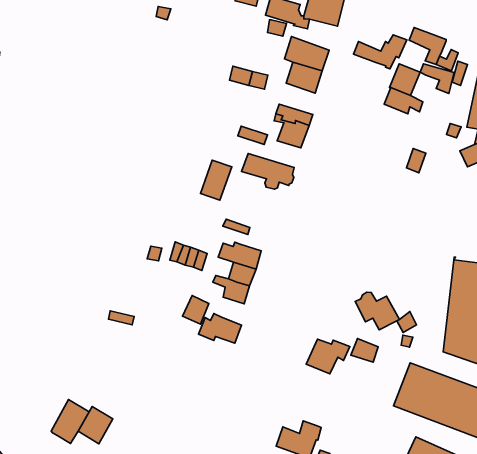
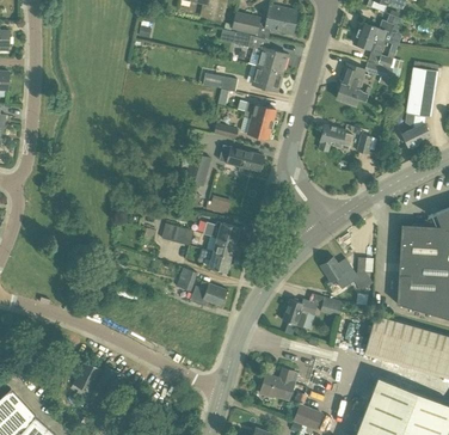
building: [354,35,407,69] -> [357,14,401,43]
building: none -> [318,124,352,151]

